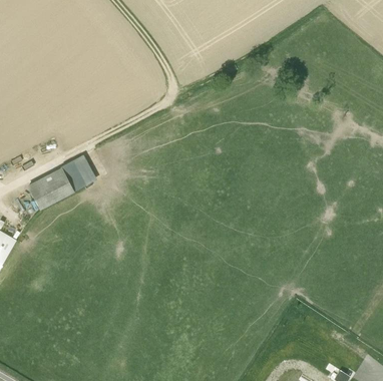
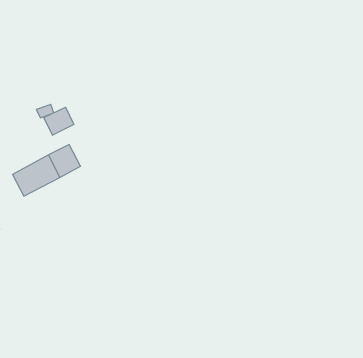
building: none -> [44,107,74,135]

